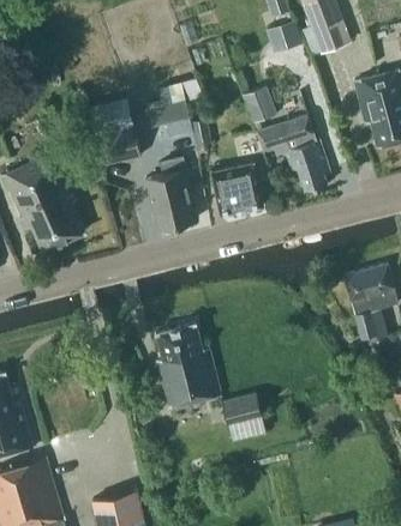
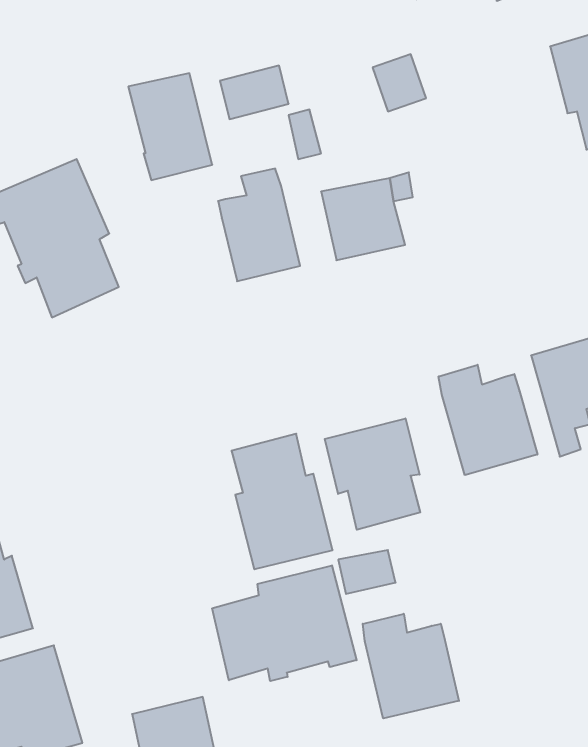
building: [257,116,330,192] -> none
building: none -> [439,365,537,475]
building: none -> [325,418,420,530]
building: none -> [212,565,357,681]
building: none -> [363,614,459,718]

